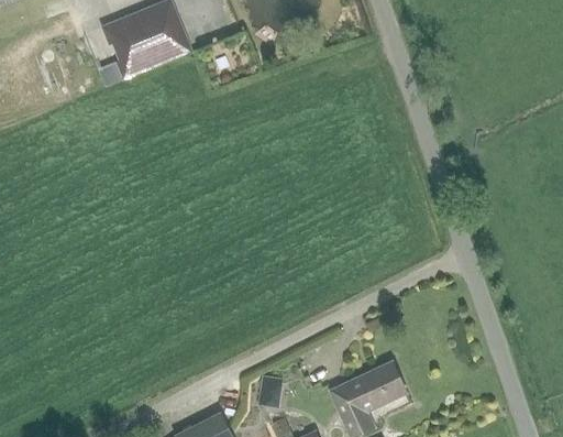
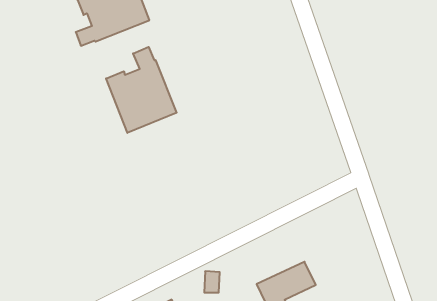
building: none -> [106,47,177,133]

